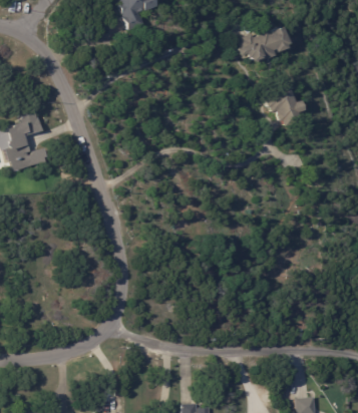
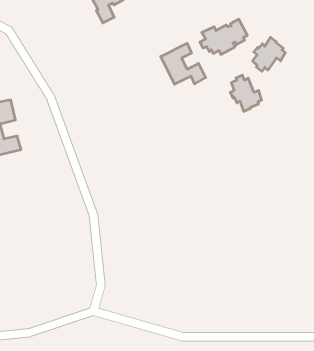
building: none -> [253,37,285,71]
building: none -> [161,43,206,84]

